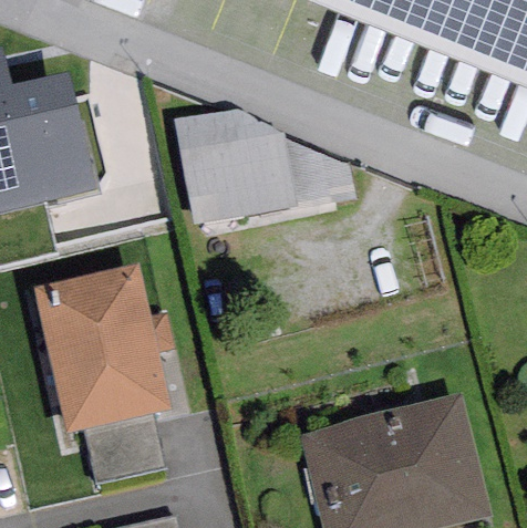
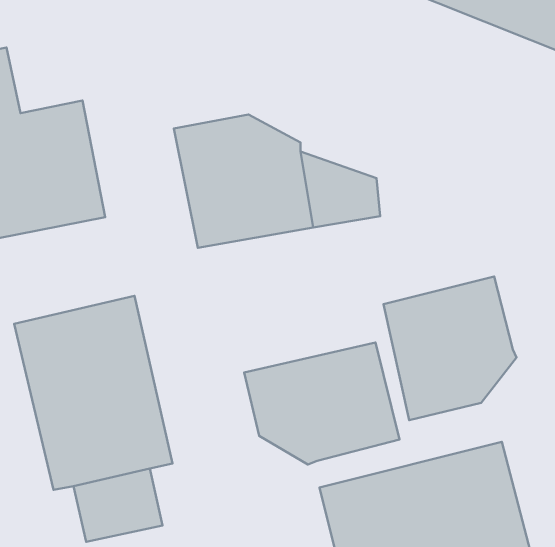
building: none -> [383,277,517,420]
building: none -> [244,342,400,464]

